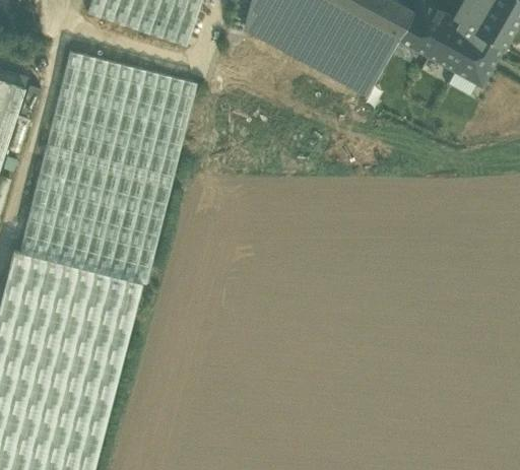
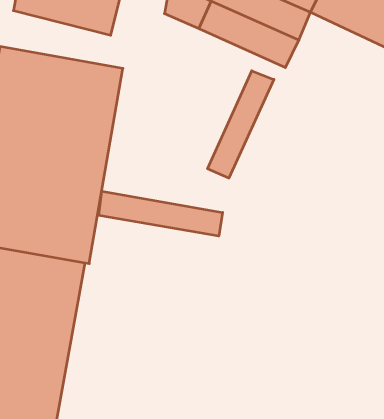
building: none -> [208,71,274,178]
building: none -> [99,191,223,236]

